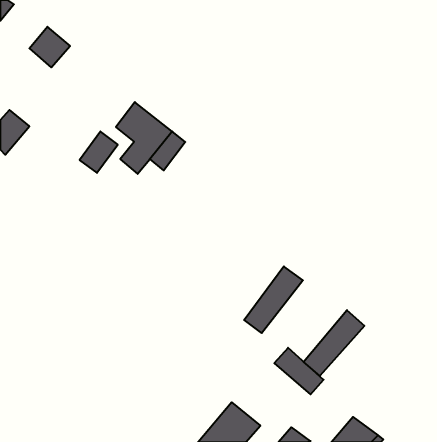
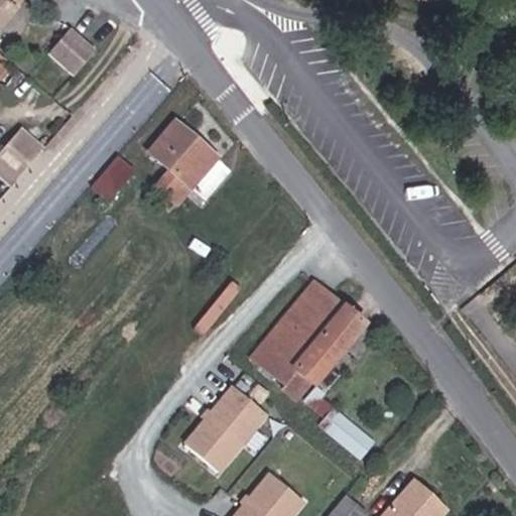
building: none -> [241,285,337,392]
building: [304,310,364,376] -> none
building: none -> [189,382,271,469]

